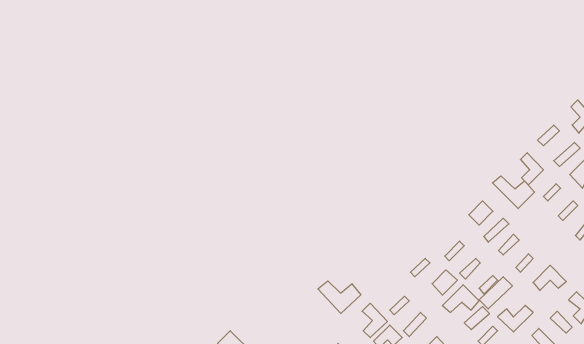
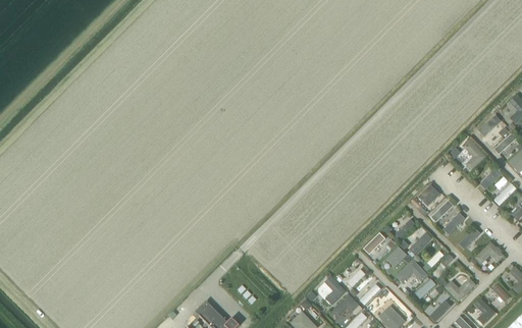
building: [492,176,535,209] -> none
building: [318,281,361,313] -> none

